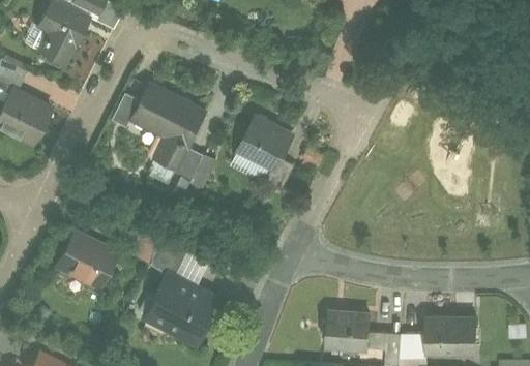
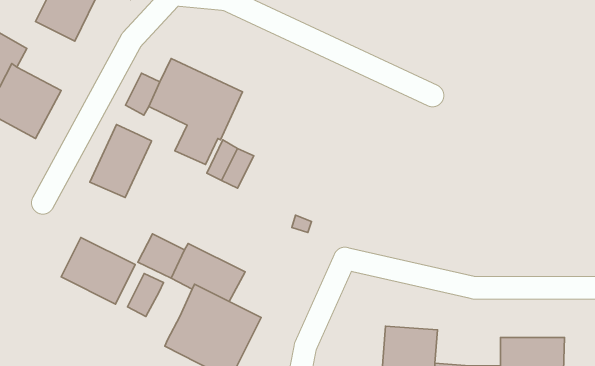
building: [235,117,294,174] -> none
building: none -> [90,124,152,197]
building: none -> [128,273,163,316]

